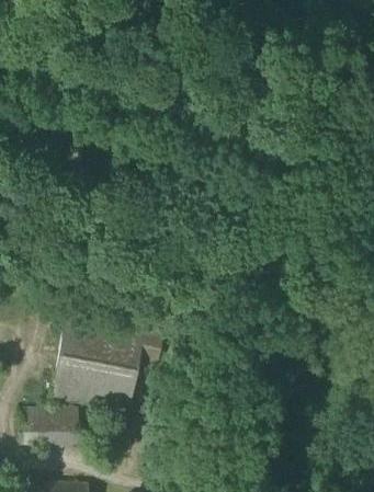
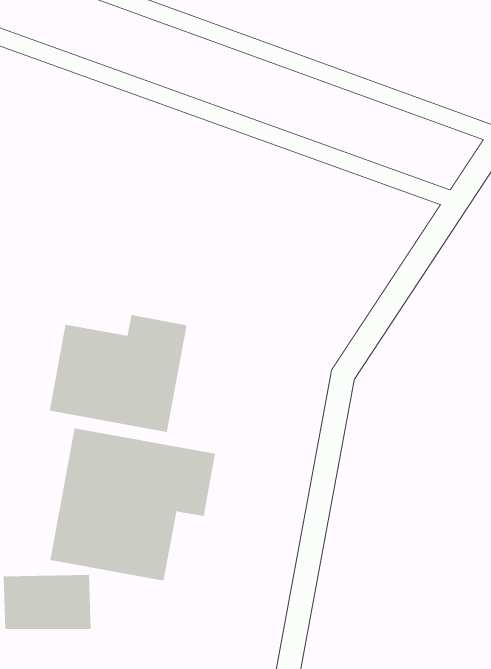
building: none -> [49,314,187,433]

